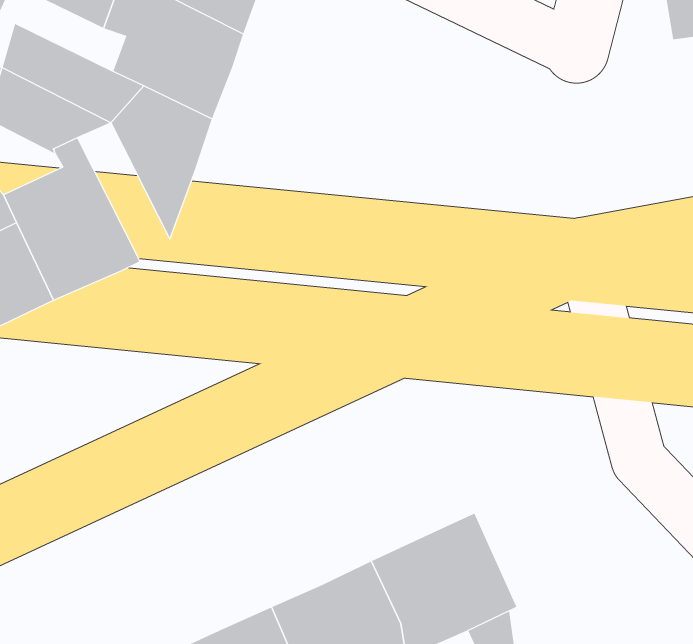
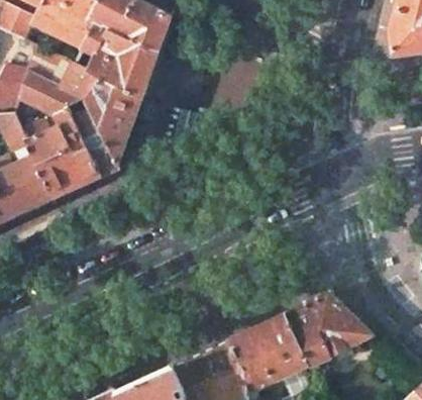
building: none -> [68,100,120,176]
building: none -> [285,293,373,365]

